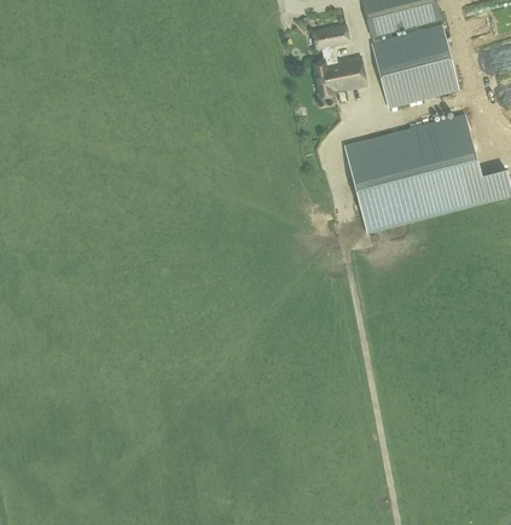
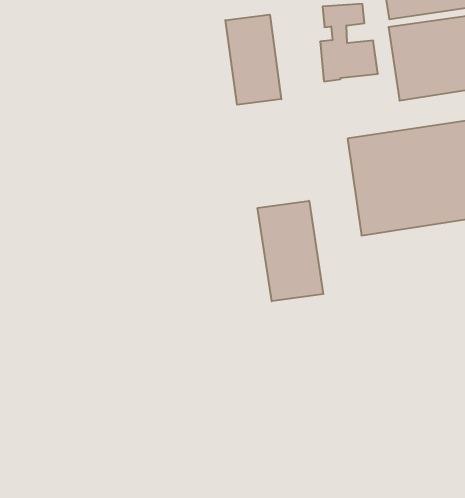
building: none -> [225,15,281,105]
building: none -> [258,201,323,301]

